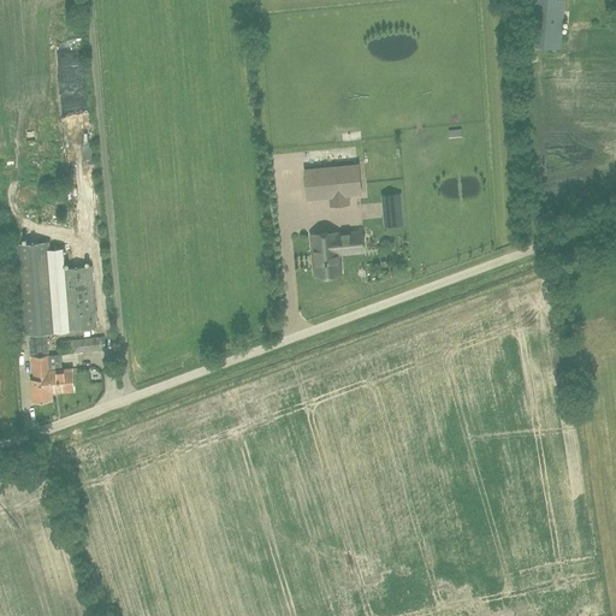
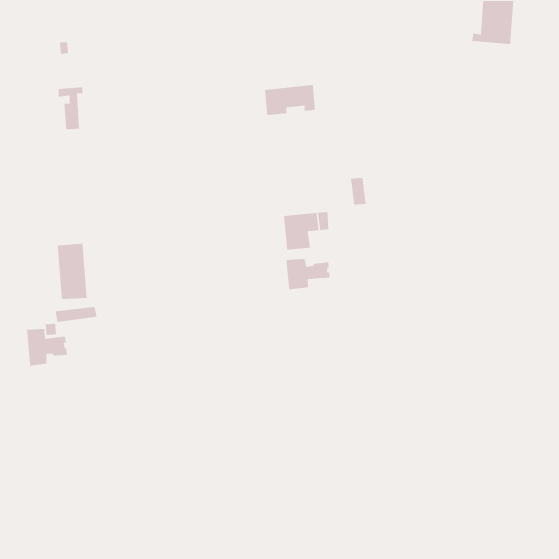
building: [304,165,361,200] -> [264,84,316,116]
building: [19,243,55,336] -> none
building: none -> [286,258,330,290]

